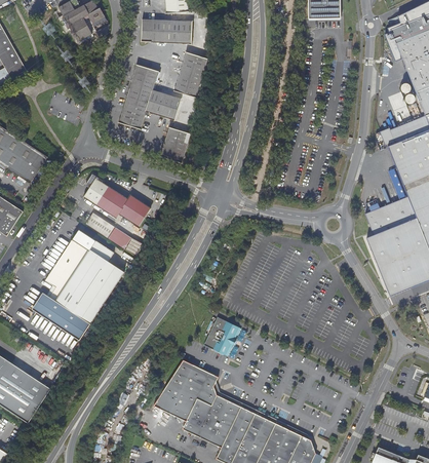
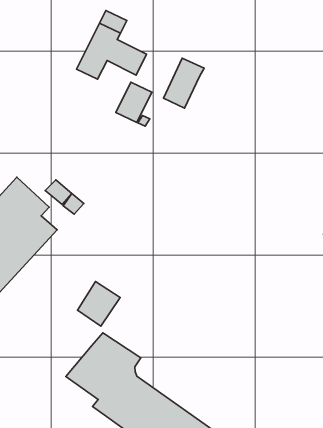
building: [176,51,208,97] -> [164,58,204,108]
building: [84,173,151,226] -> none
building: [204,315,241,355] -> [78,281,120,326]

